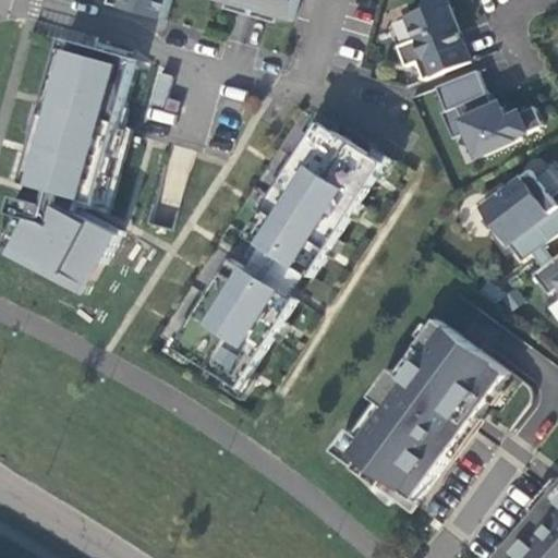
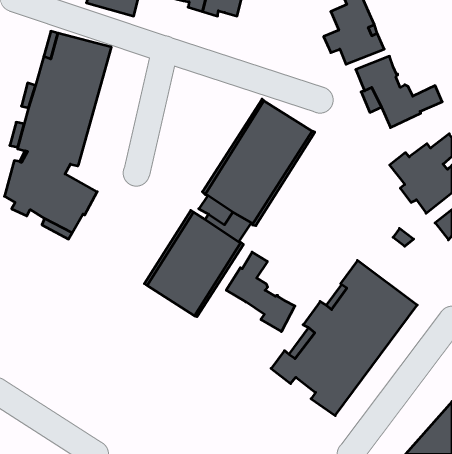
building: none -> [226,252,295,332]

